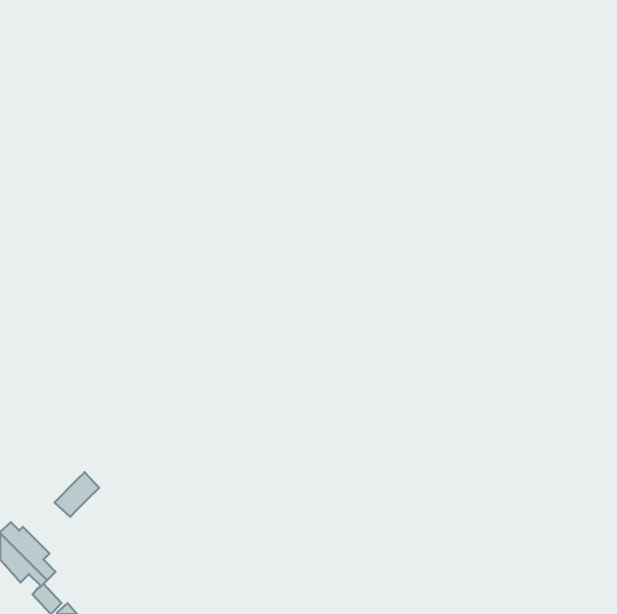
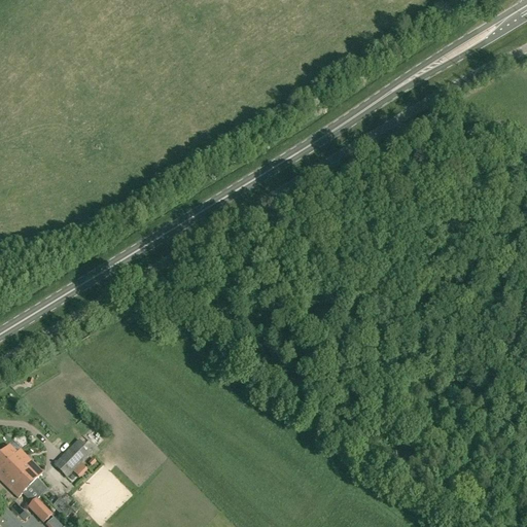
building: [54,472,99,517] -> [54,437,92,476]

